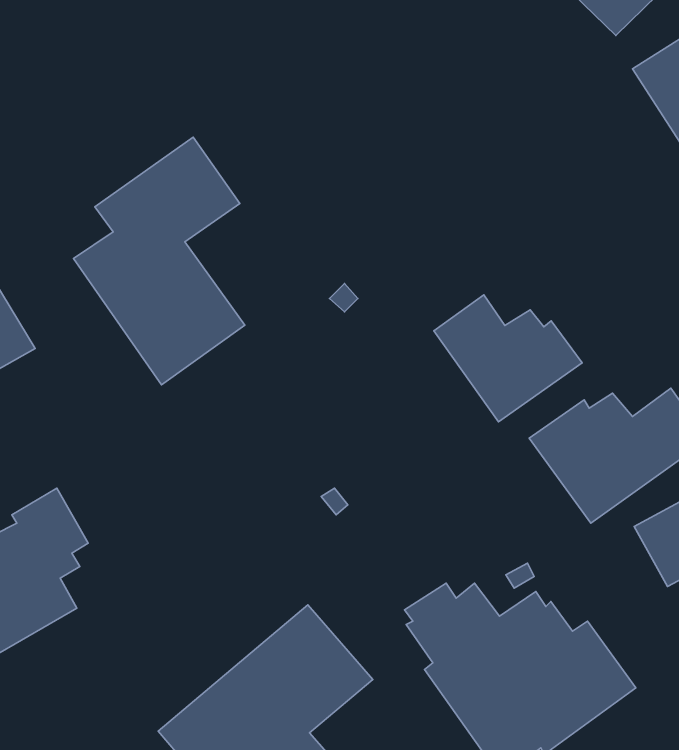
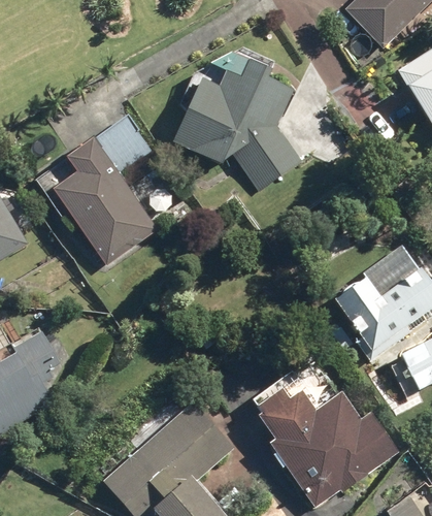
building: none -> [171,58,302,192]
building: [434,295,582,422] -> none

